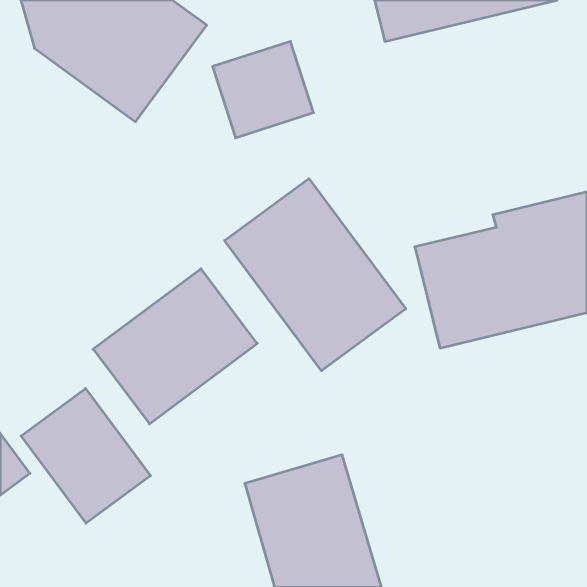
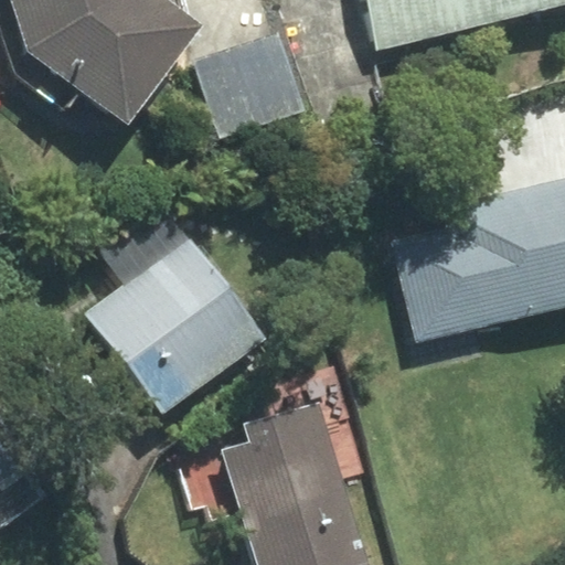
building: [225,179,406,371] -> none
building: [21,388,151,523] -> none

